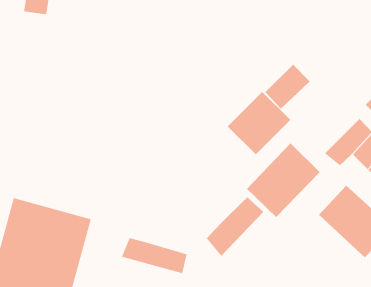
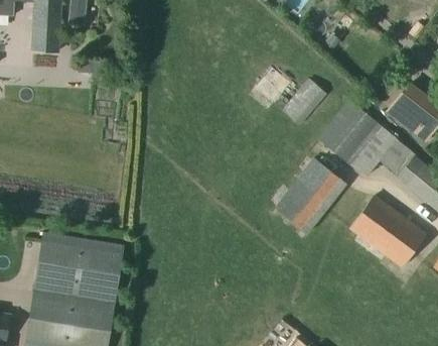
building: [227,91,291,155] -> [318,100,383,165]
building: [206,196,264,257] -> none
building: [121,237,188,274] -> none

